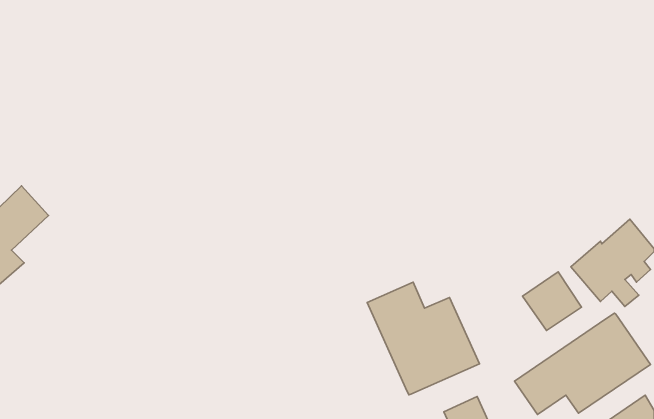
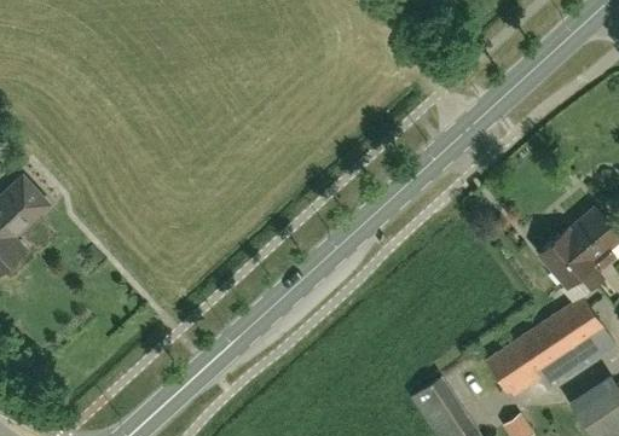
building: [523,272,582,330] -> none
building: [367,282,479,395] -> none

